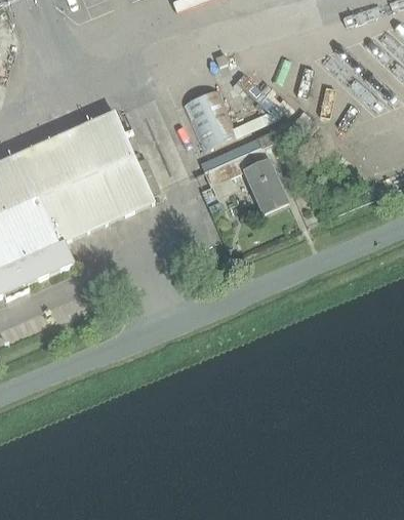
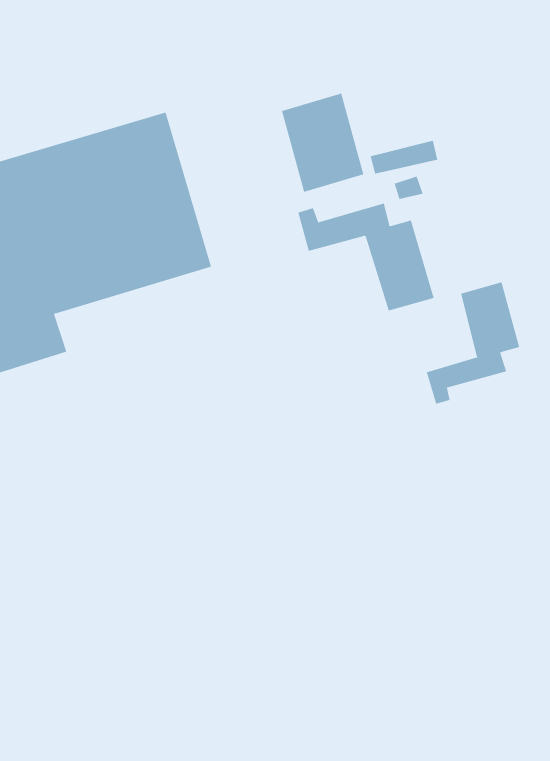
building: none -> [426,281,520,404]

